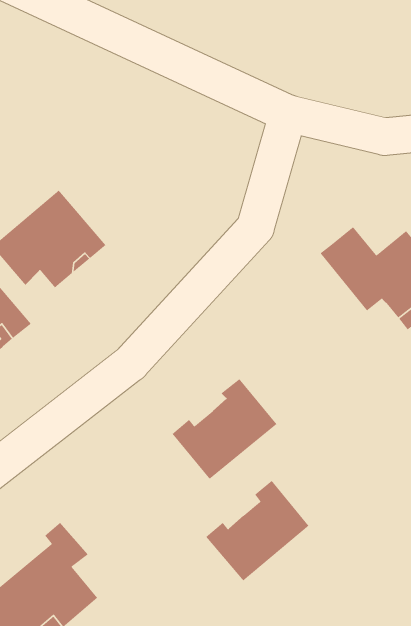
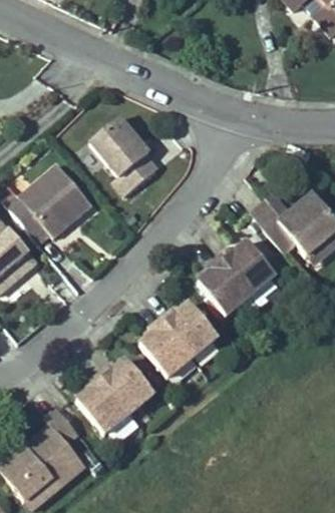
building: none -> [90,116,157,194]
building: none -> [198,239,275,315]
building: [205,480,310,582] -> [77,358,154,433]

